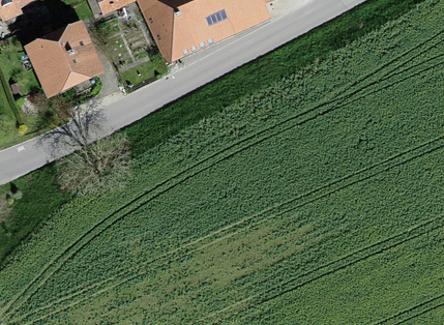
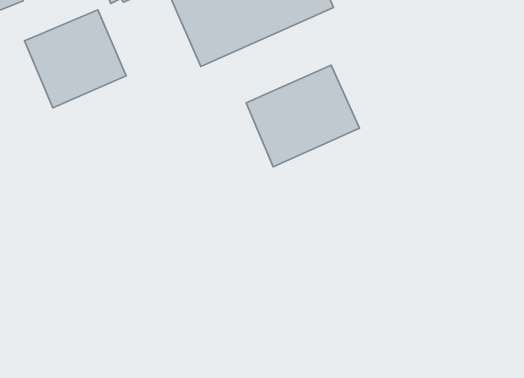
building: none -> [246,65,359,167]

